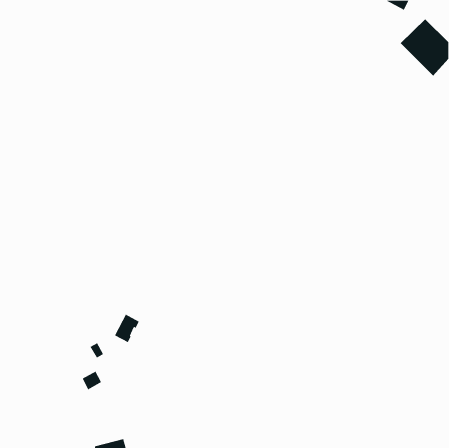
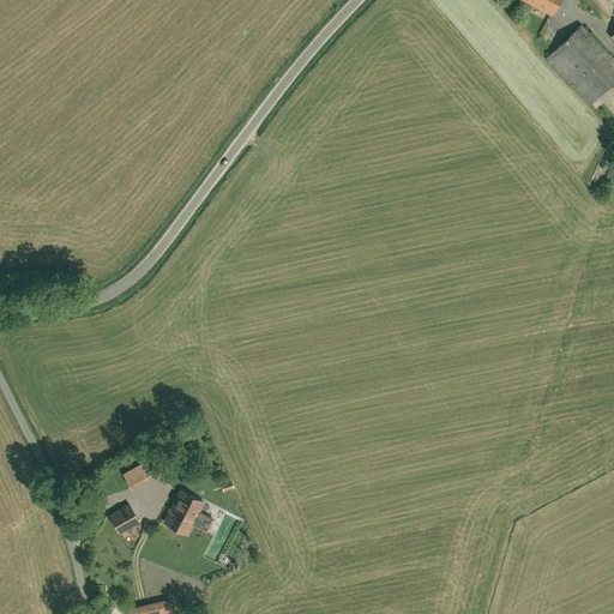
building: [114,314,140,343] -> [167,493,201,532]

